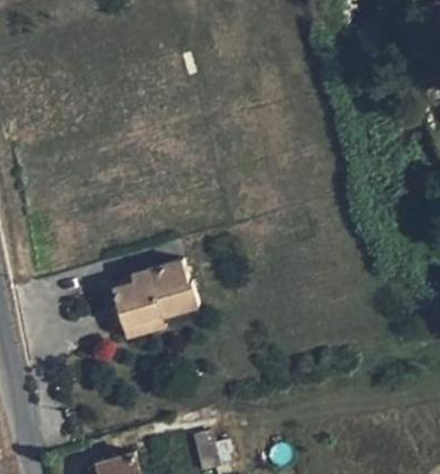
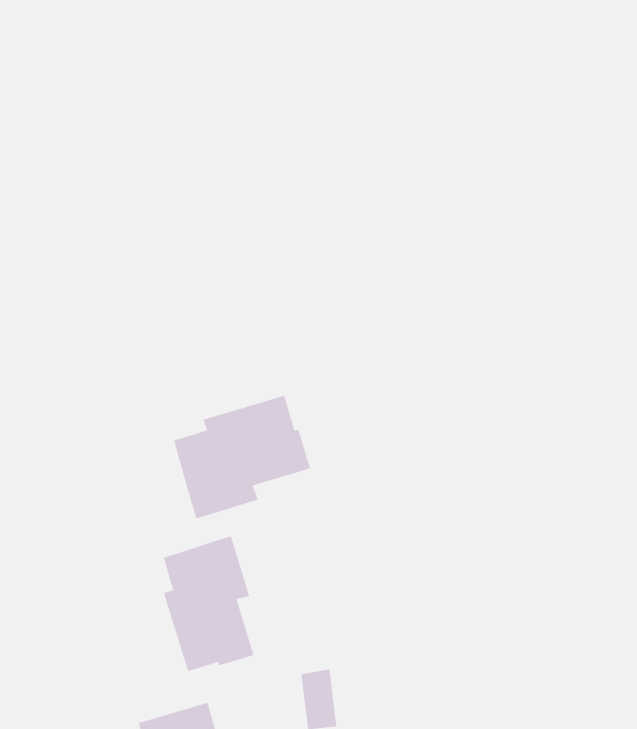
building: none -> [163,536,254,672]

